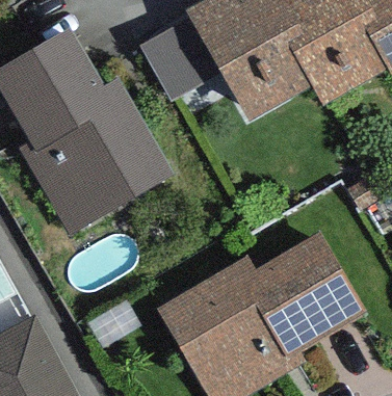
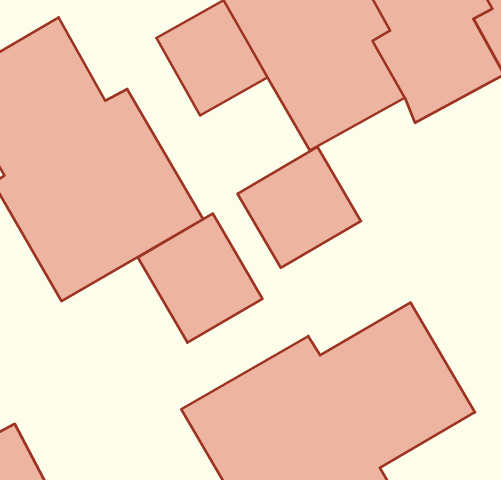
building: none -> [238,147,361,268]
building: none -> [138,214,262,343]

